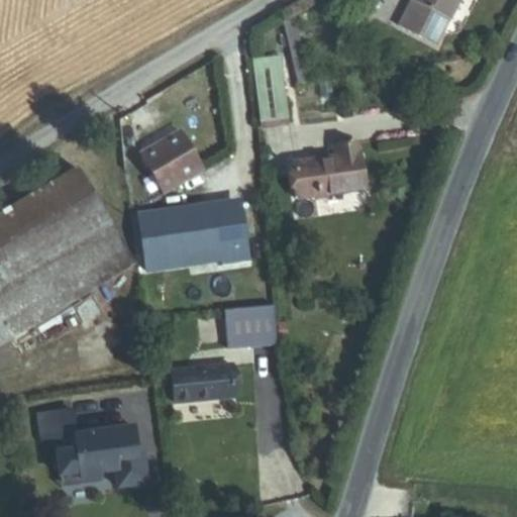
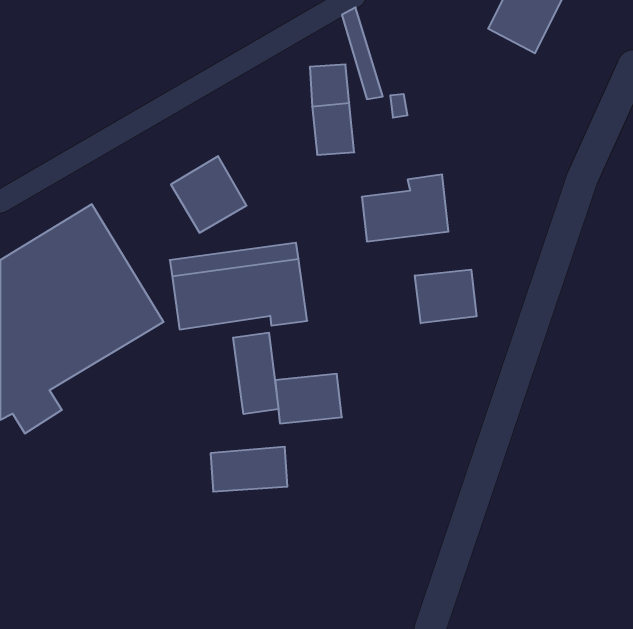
building: none -> [415,270,476,323]
building: none -> [233,333,278,414]
building: [36,405,150,489] -> none

